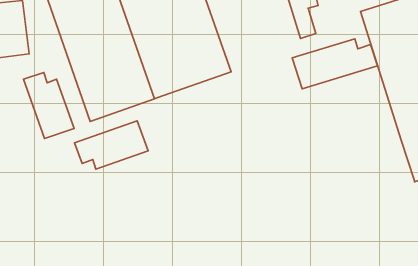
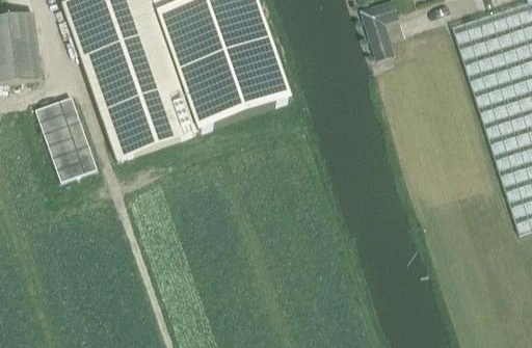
building: [292,39,378,89] -> none
building: [74,121,148,169] -> none

